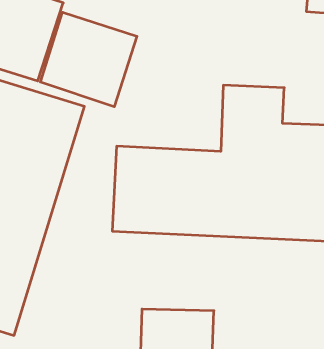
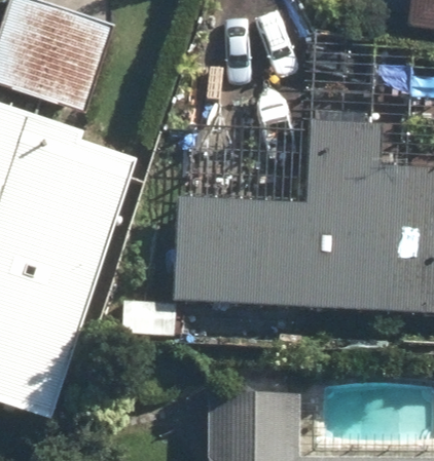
building: [40,12,137,107] -> none

